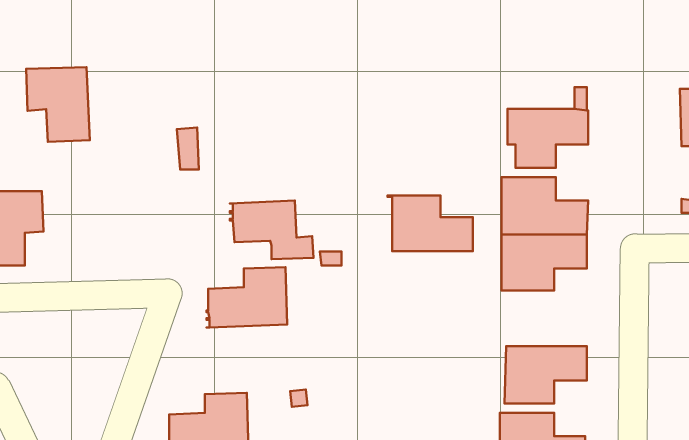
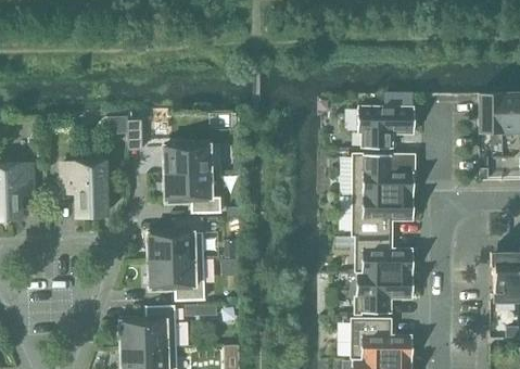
building: [26,67,90,142] -> [62,163,106,215]
building: none -> [163,143,219,174]
building: [388,195,473,251] -> [353,234,413,273]
building: none -> [147,258,205,301]

